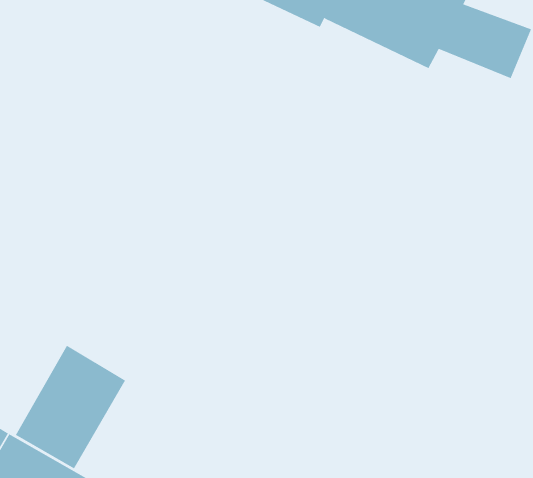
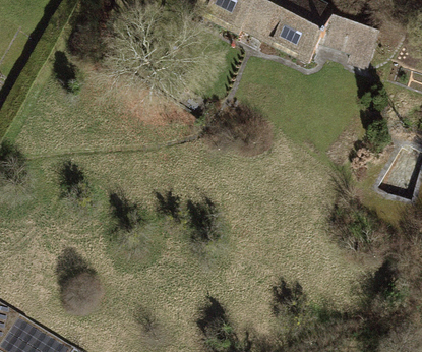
building: [15,345,126,469] -> none

